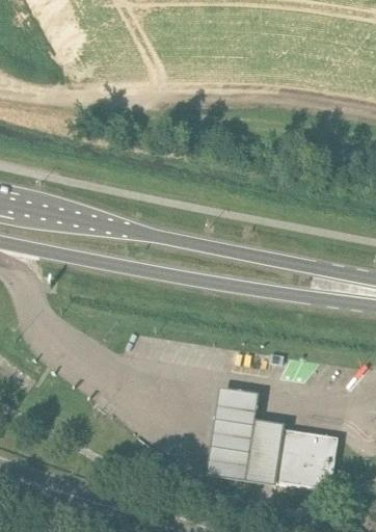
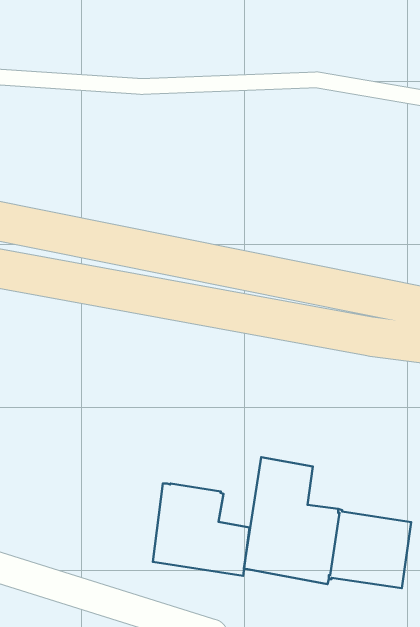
building: none -> [153,483,249,576]

